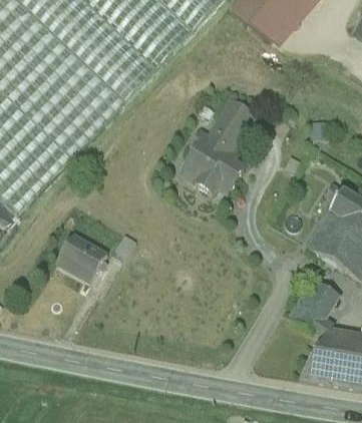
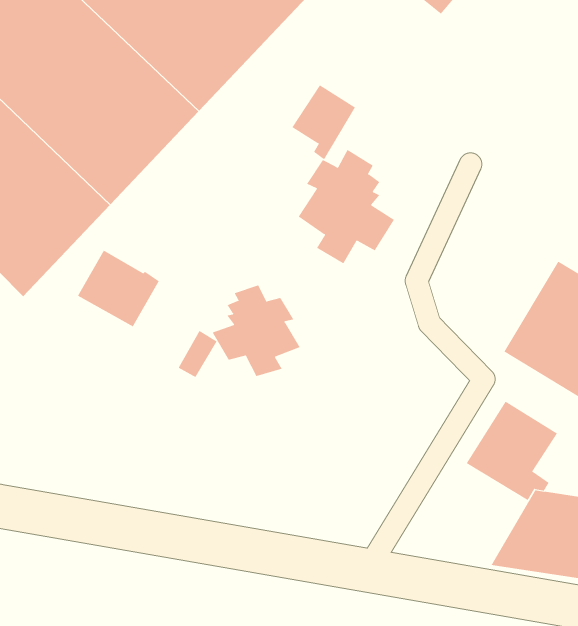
building: [214,97,253,143] -> [292,85,356,160]
building: none -> [212,285,300,377]
building: [56,236,106,283] -> [77,250,159,327]

